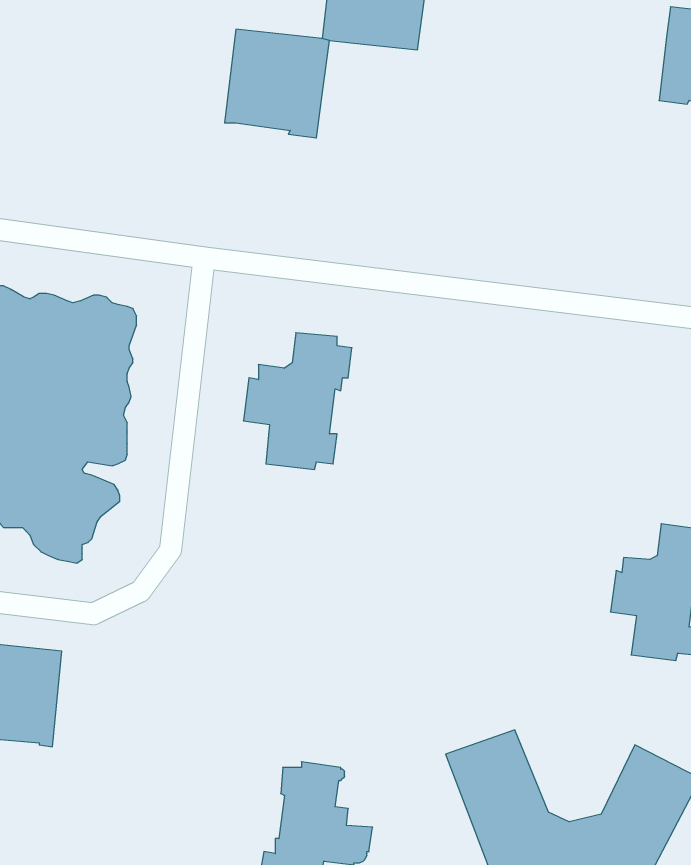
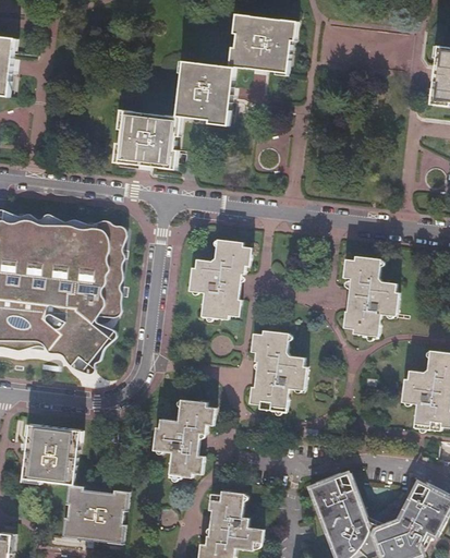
building: none -> [119,112,183,170]
building: none -> [340,255,398,337]
building: none -> [248,330,307,414]
building: none -> [151,403,212,483]
building: none -> [64,480,130,539]

